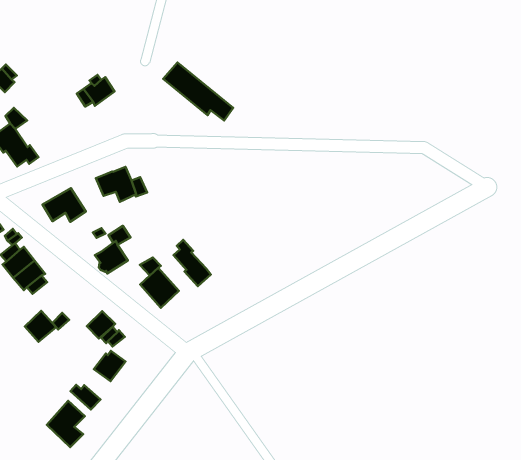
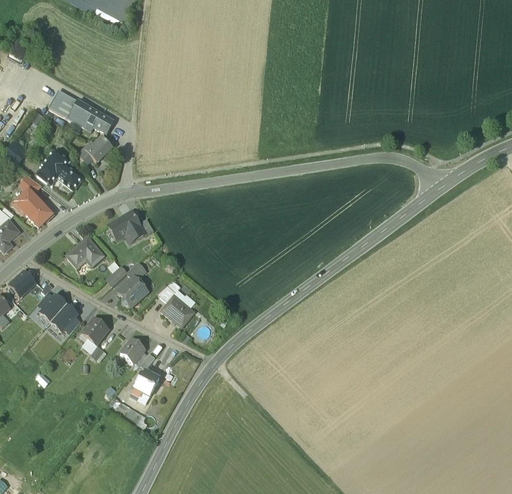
building: [163,63,233,120] -> [48,90,112,133]
building: none -> [36,151,81,189]
building: [173,240,211,286] -> none
building: [25,311,56,342] -> [81,316,108,343]
building: [47,401,85,447] -> none

